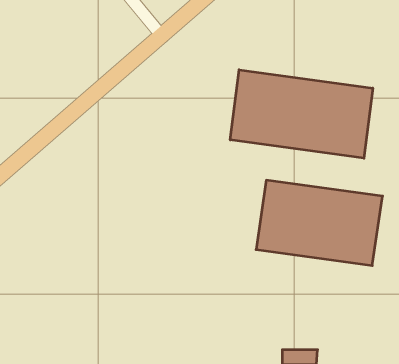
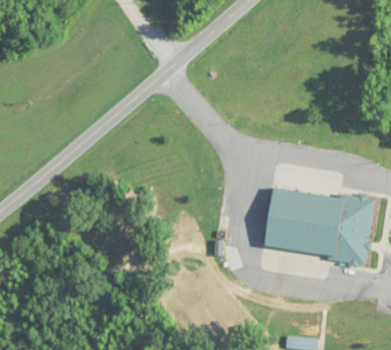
building: [230,70,373,158] -> none

